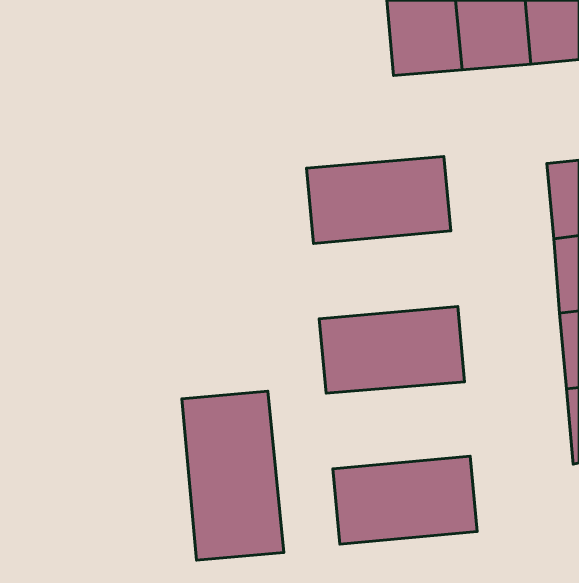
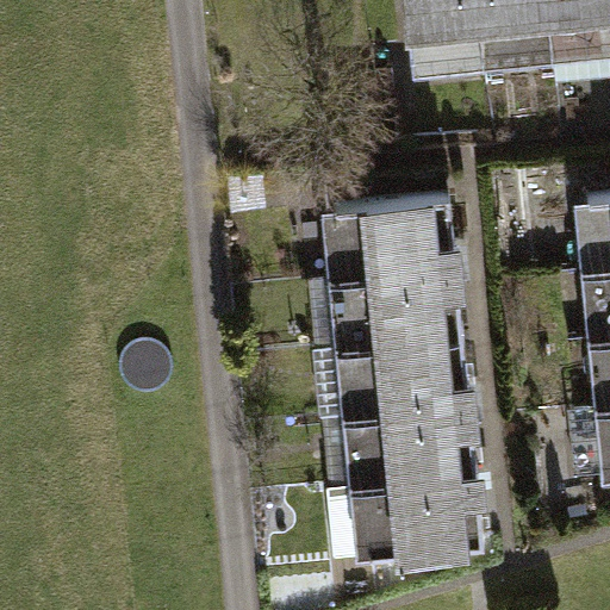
building: none -> [326,242,477,334]
building: none -> [340,399,490,490]
building: [182,391,284,560] -> none

